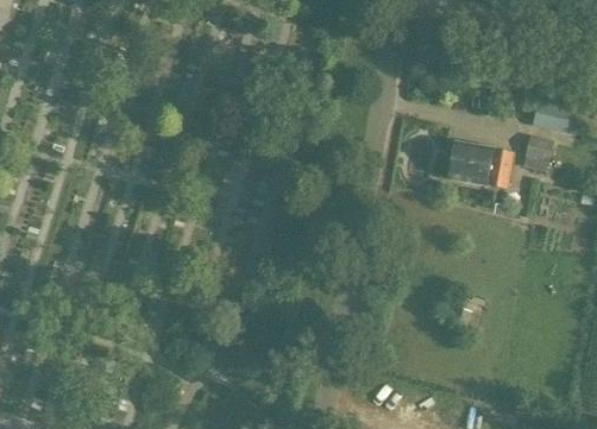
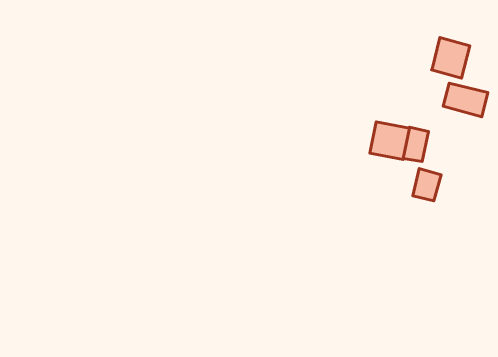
building: none -> [432,38,470,78]
building: [521,133,553,170] -> [413,169,441,201]

